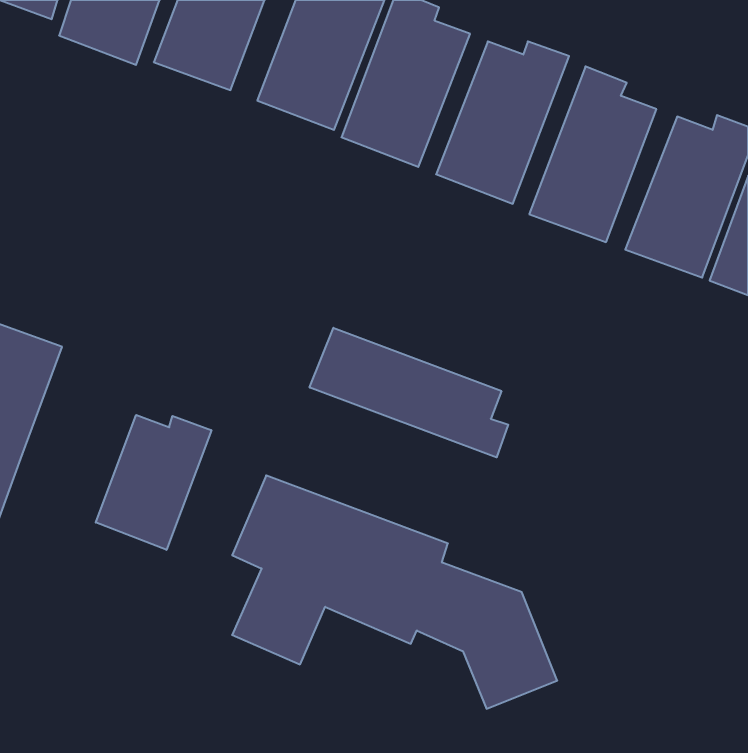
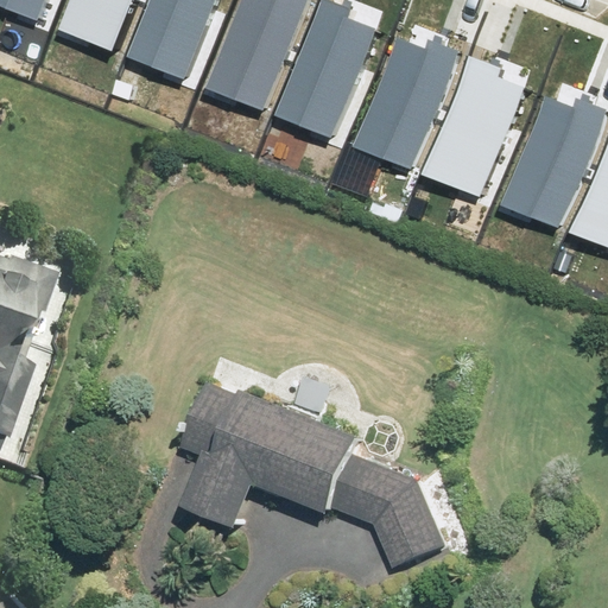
building: [310,328,508,457] -> none
building: [96,415,211,550] -> none

